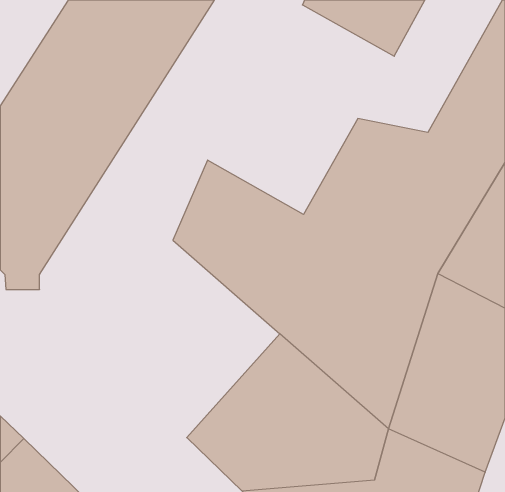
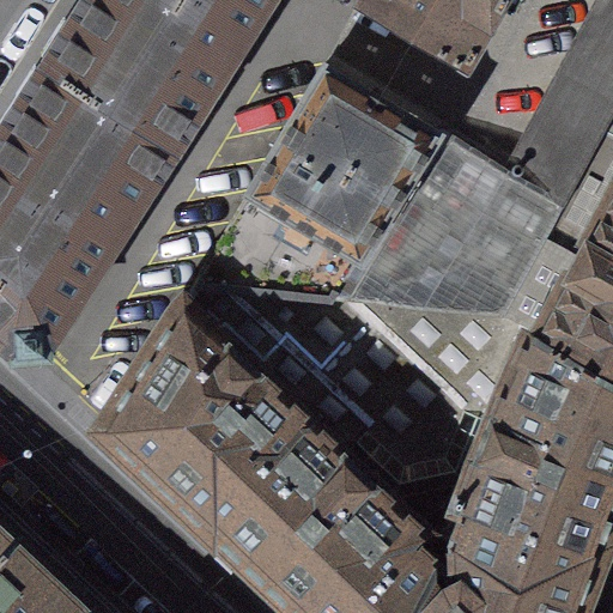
building: none -> [251,85,439,275]
building: none -> [102,306,339,546]

